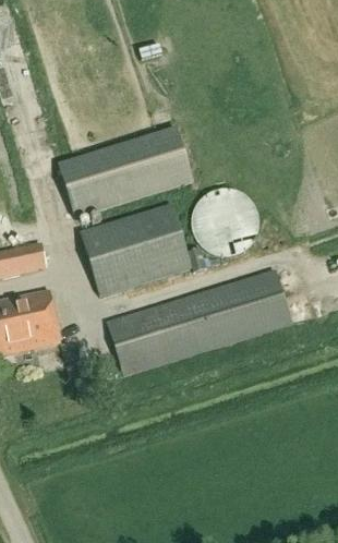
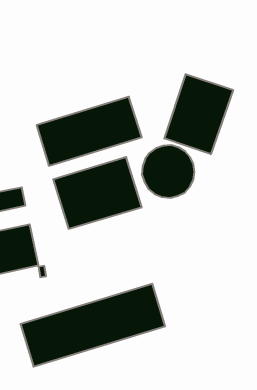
building: none -> [164,74,233,154]
building: [108,269,291,374] -> [20,284,165,367]

